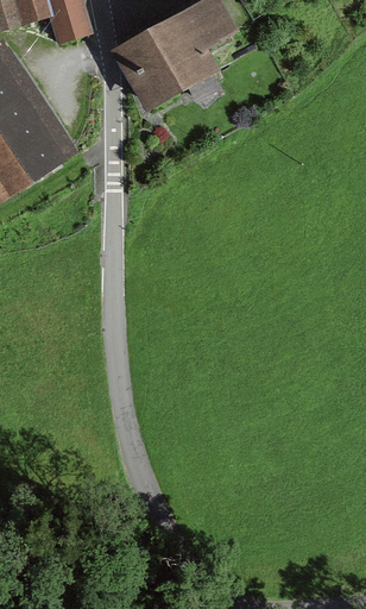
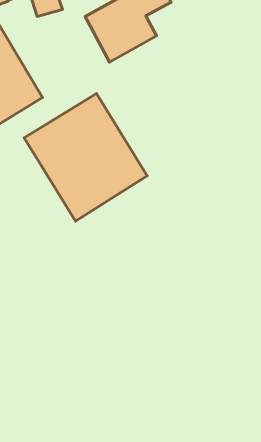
building: none -> [24,94,147,221]

